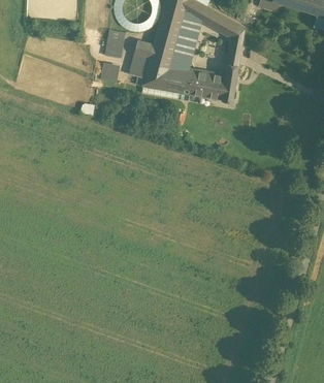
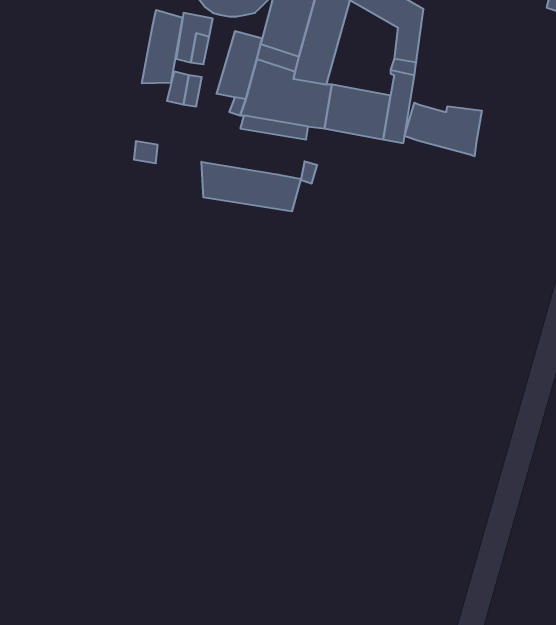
building: none -> [142,10,183,83]
building: none -> [405,103,482,156]
building: none -> [201,162,301,211]

